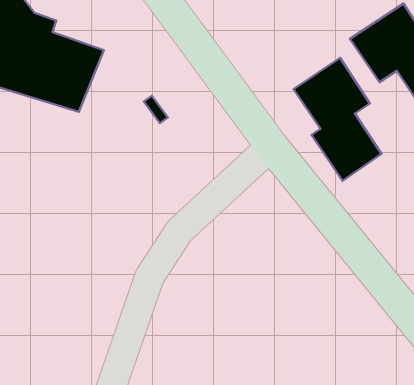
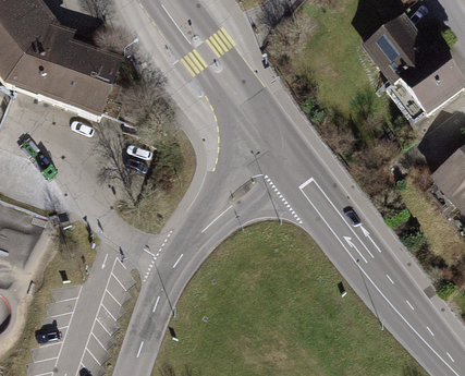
building: [294,58,382,181] -> none

